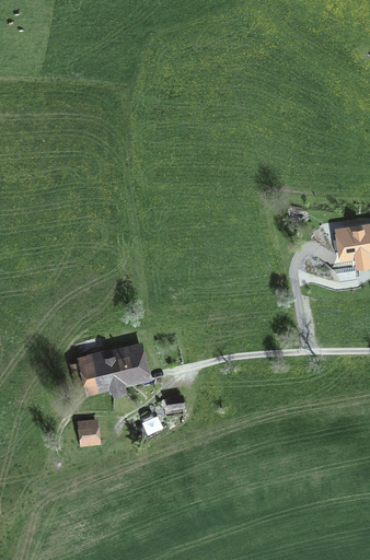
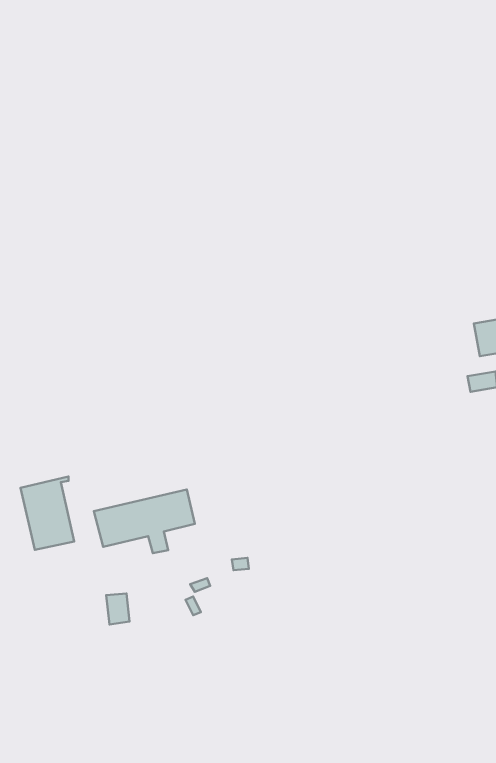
building: none -> [20,476,74,550]

